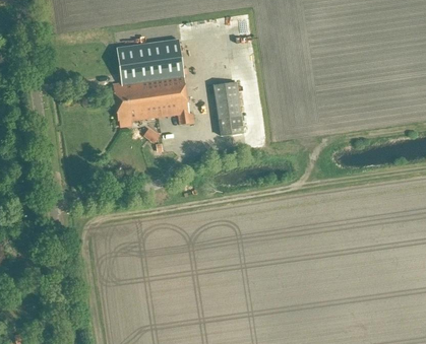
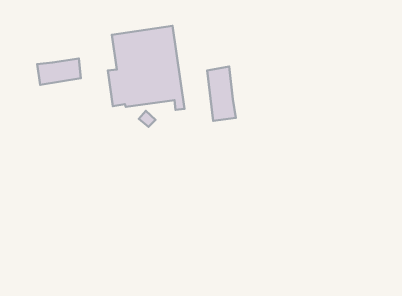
building: none -> [37,58,81,85]

